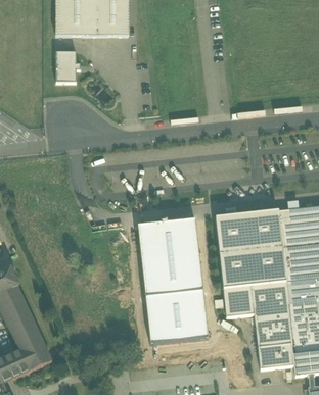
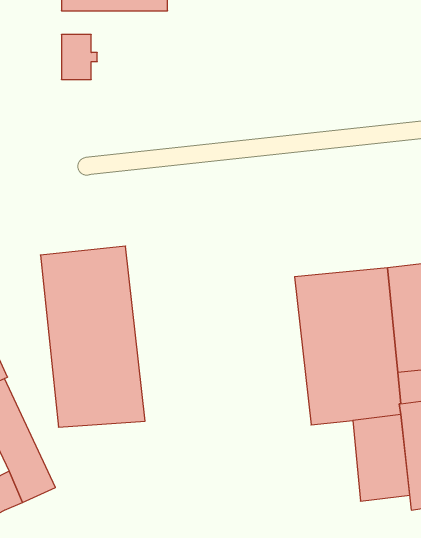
building: [136,218,208,342] -> [40,246,145,427]

